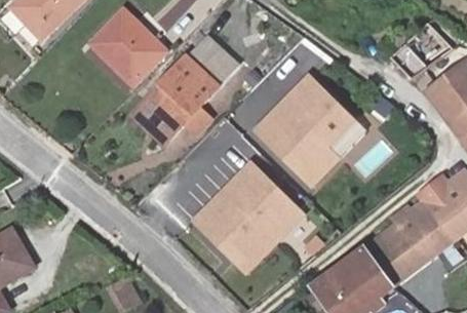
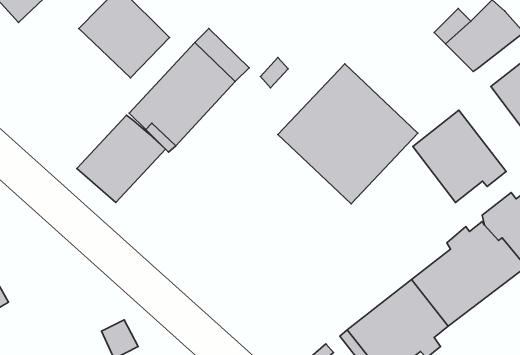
building: none -> [413,110,506,202]
building: none -> [77,115,165,203]
building: [190,160,302,272] -> none

